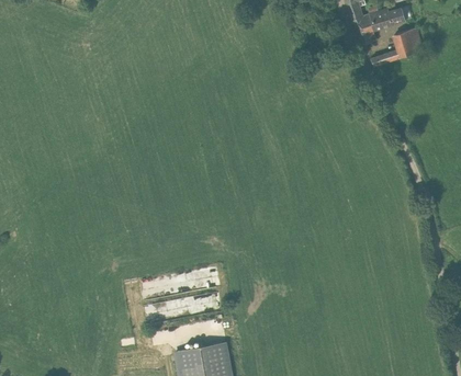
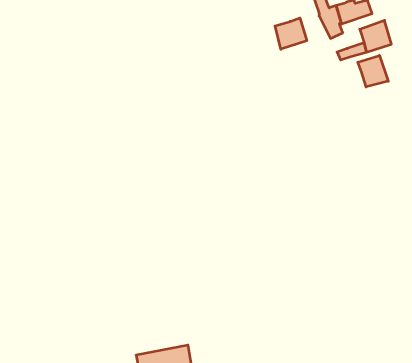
building: none -> [275,18,307,49]
building: none -> [358,55,388,87]

